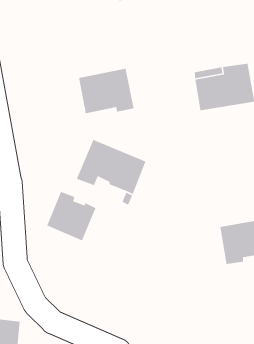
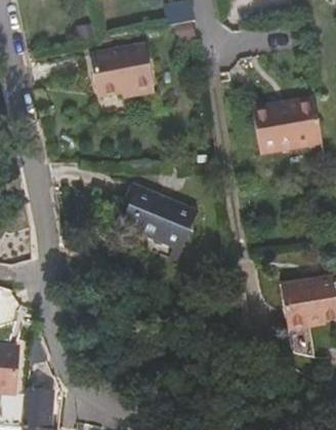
building: [78,68,134,114] -> [90,44,155,97]
building: [46,191,96,241] -> none

